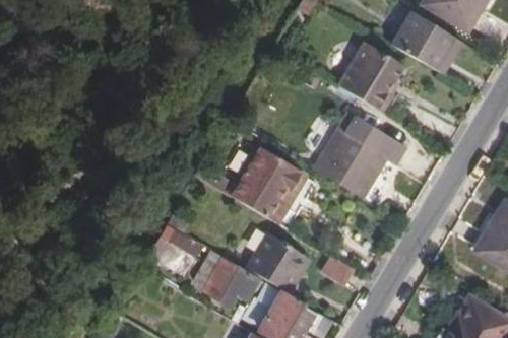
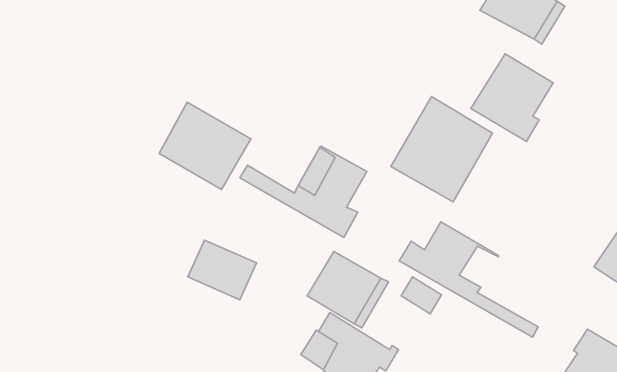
building: [335,41,401,111] -> [471,54,553,141]
building: none -> [159,102,251,190]
building: none -> [399,222,538,337]
building: [202,256,259,305] -> none

